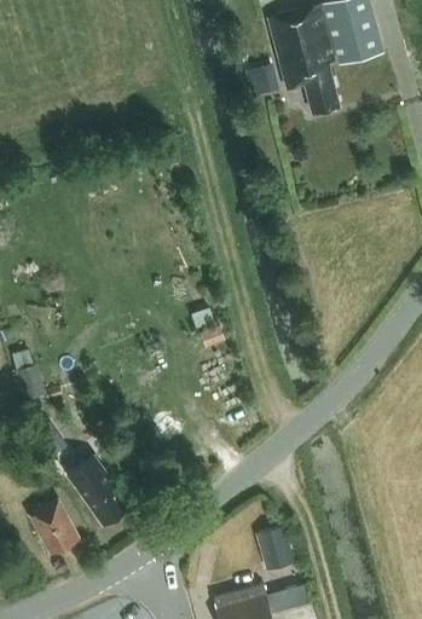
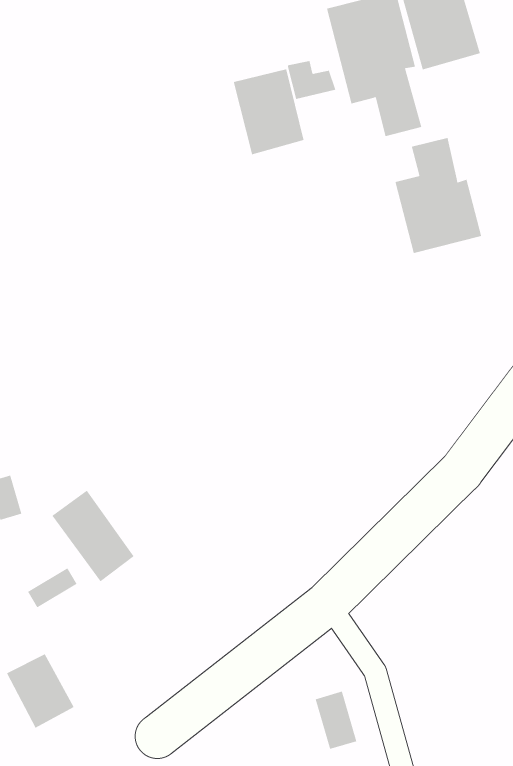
building: none -> [233,68,304,155]
building: none -> [395,137,482,254]
building: [68,457,129,526] -> [51,490,134,582]

